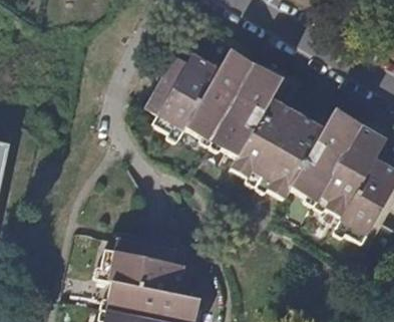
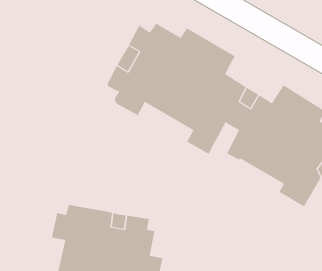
building: [251,149,286,201] -> none

